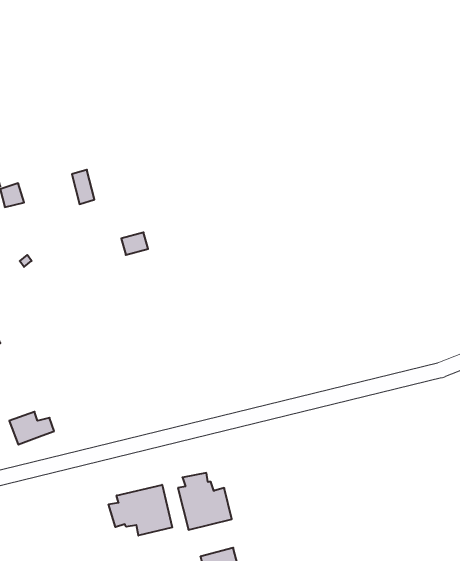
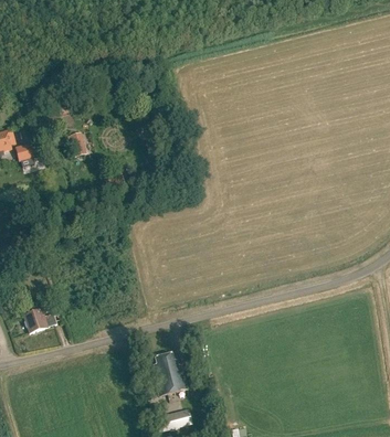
building: [109,485,172,536] -> none

